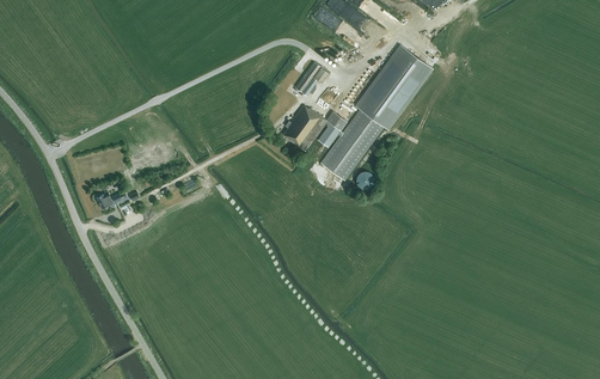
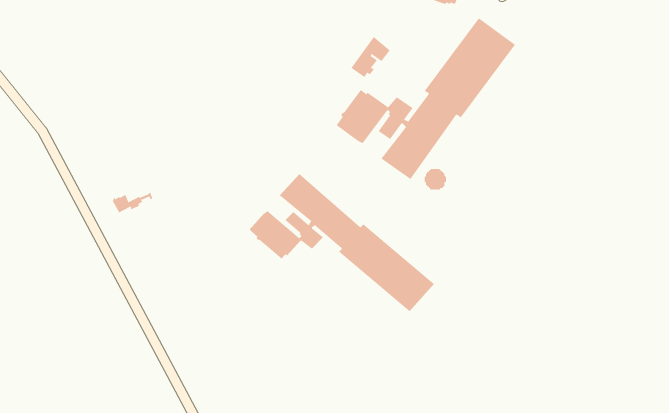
building: none -> [249,173,435,312]

